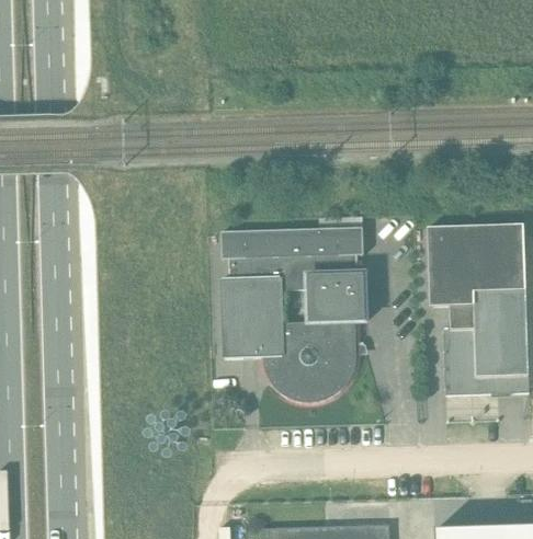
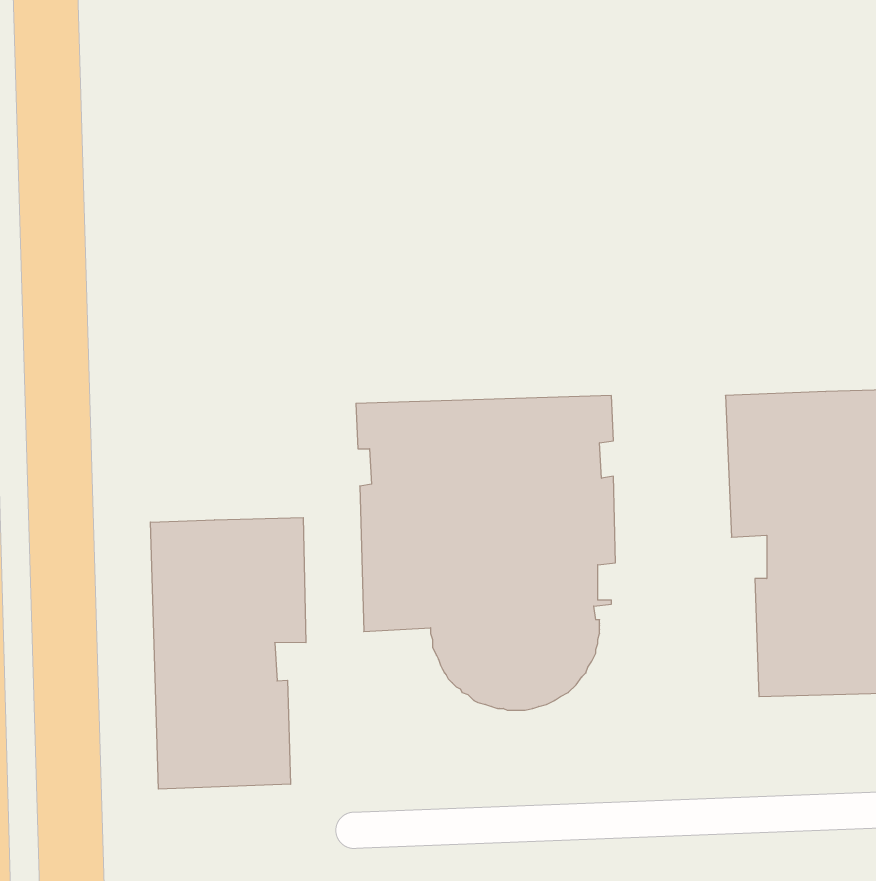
building: none -> [150,518,306,789]

